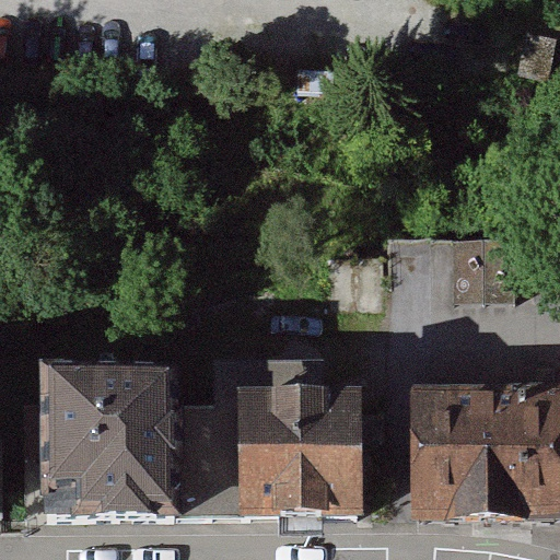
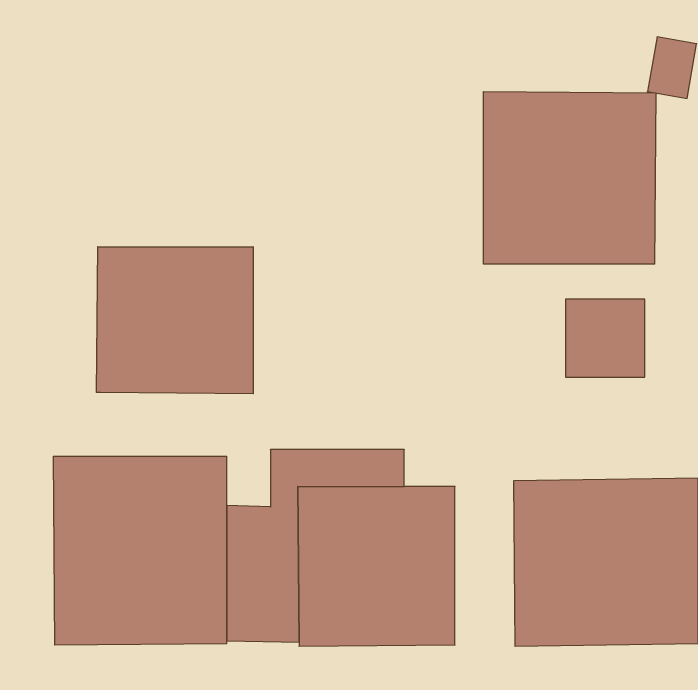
building: none -> [484,92,656,264]
building: none -> [96,247,253,394]

